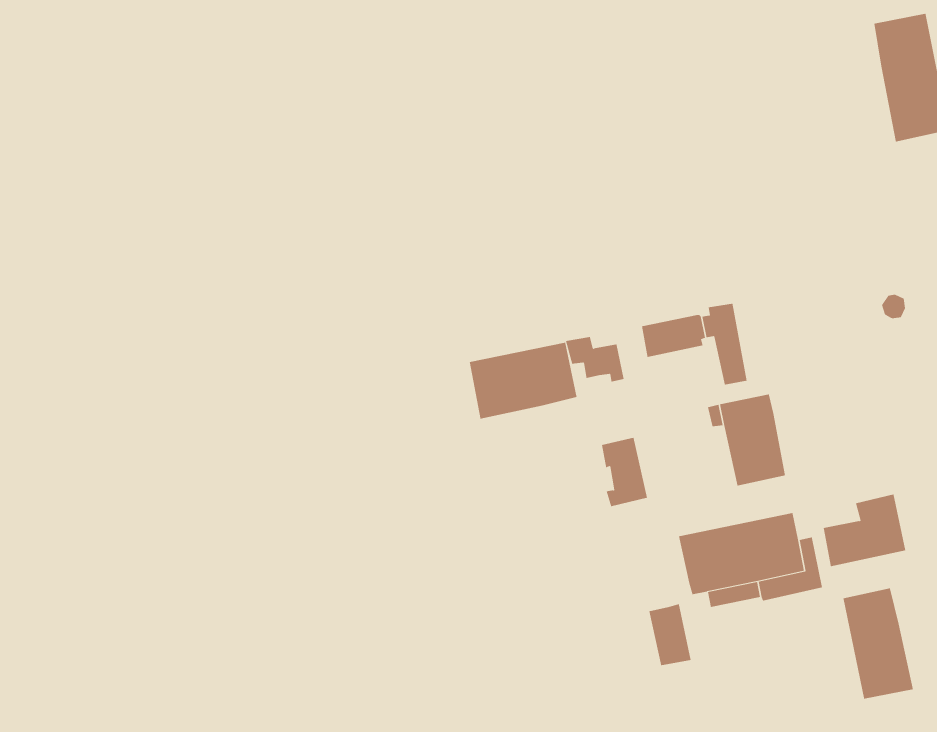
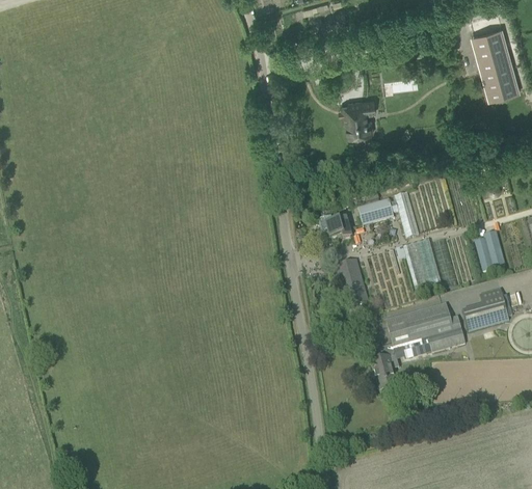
building: none -> [341,98,374,140]
building: [469,342,577,420] -> none
building: none -> [475,237,505,271]
building: [843,588,914,699] -> none

